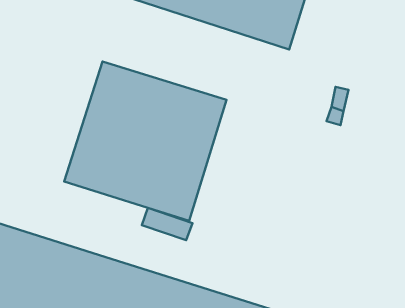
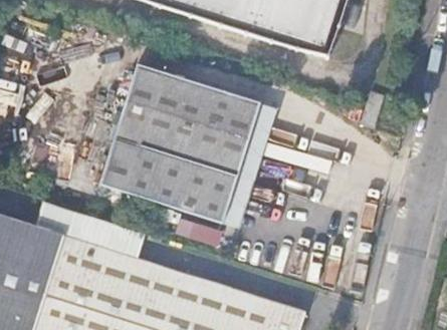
building: none -> [41,203,143,257]

